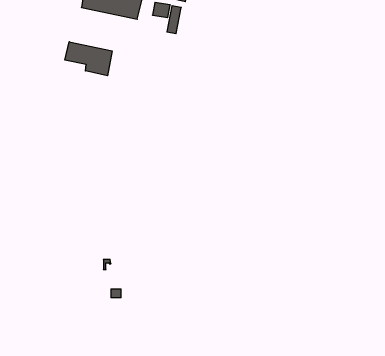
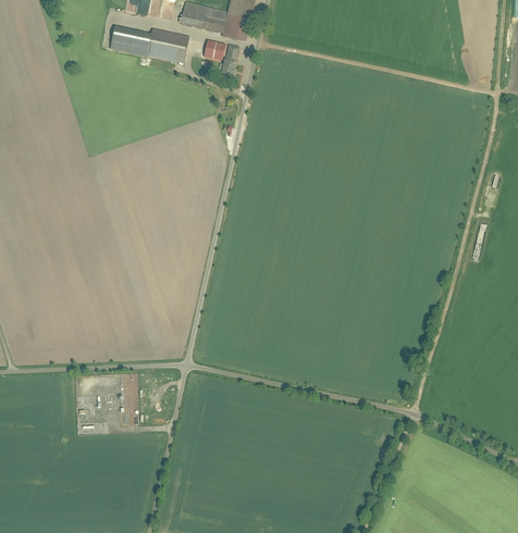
building: [65,42,112,76] -> none

